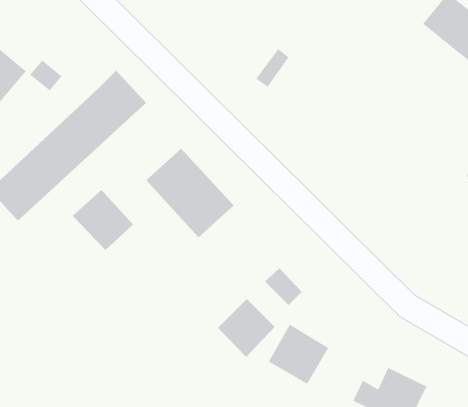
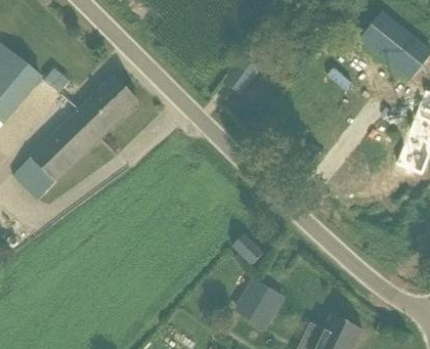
building: [145,148,234,238] -> none
building: [72,189,134,251] -> none
building: [217,298,276,358] -> none

